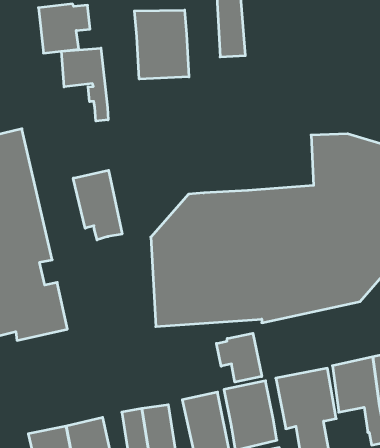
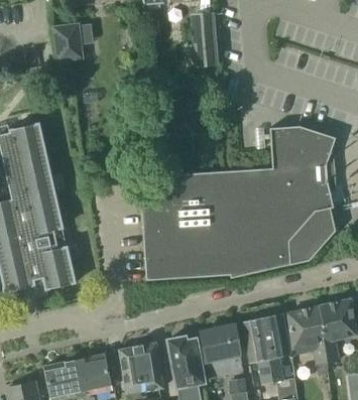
building: [134,10,189,79] -> none
building: [61,48,108,121] -> none
building: [73,170,122,240] -> none
building: [216,333,262,382] -> none

